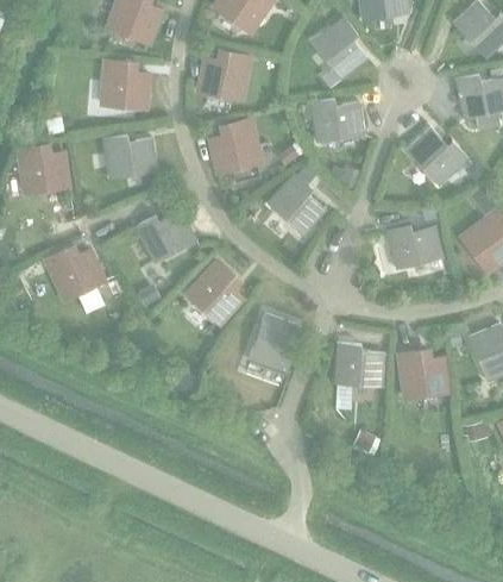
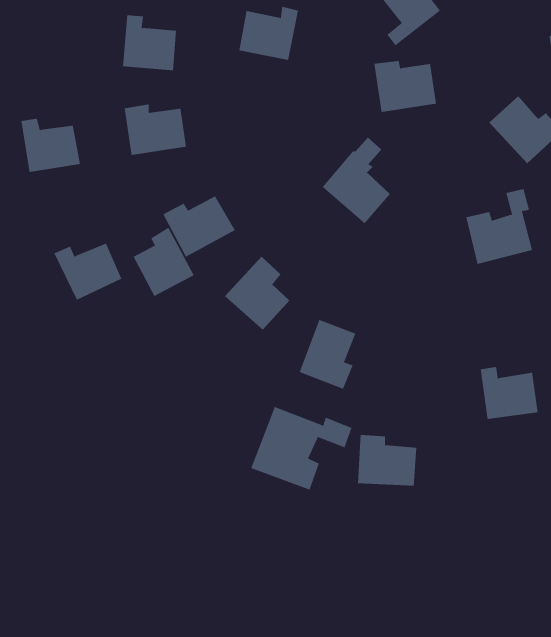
building: [210,120,259,173] -> none
building: none -> [133,227,194,297]
building: [334,344,384,387] -> [357,435,417,486]
building: none -> [251,406,352,490]

